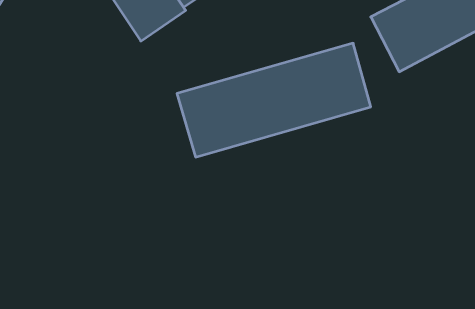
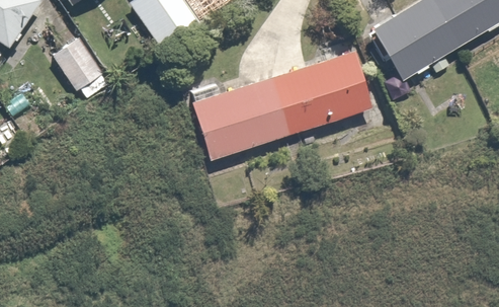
building: none -> [52,36,110,102]

